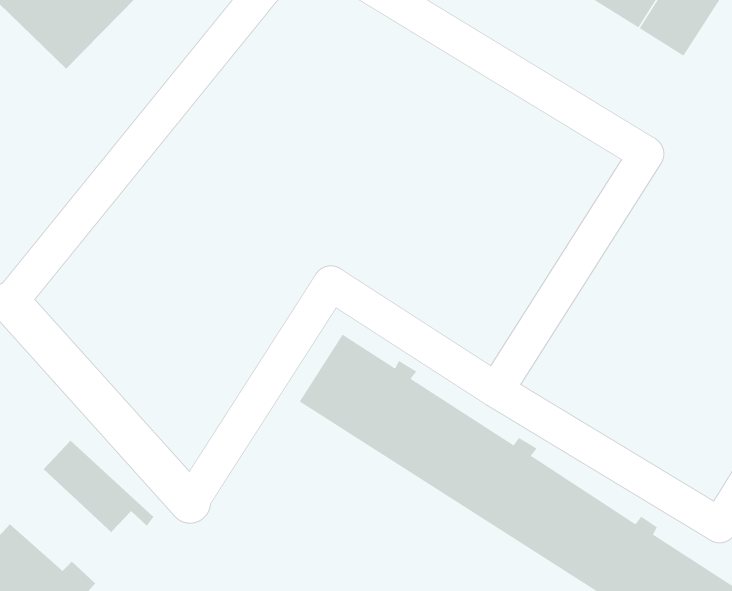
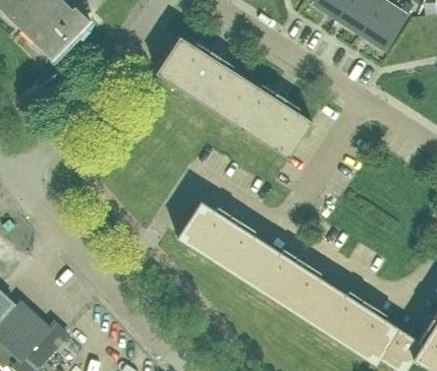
building: none -> [156,36,312,157]
building: [43,440,154,533] -> none

